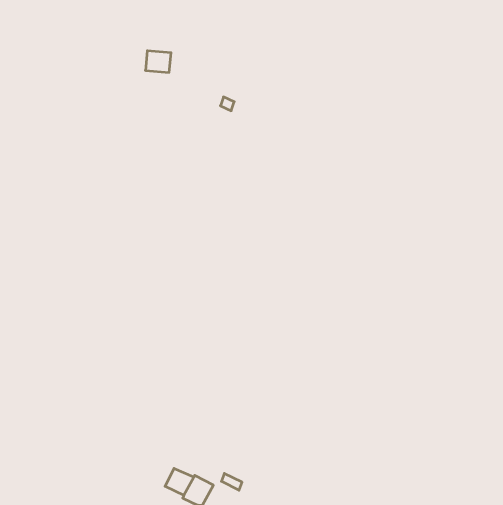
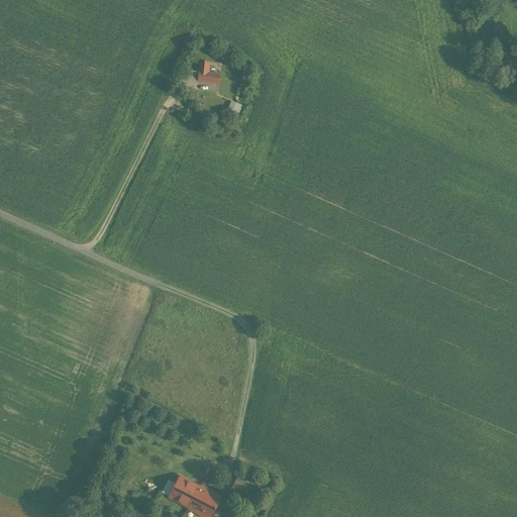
building: [145,51,171,72] -> [194,64,220,86]

